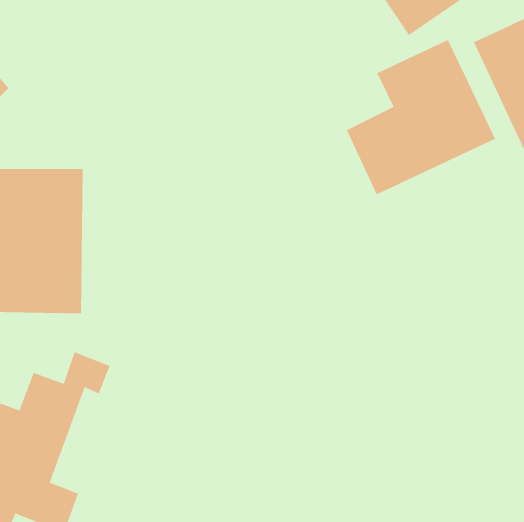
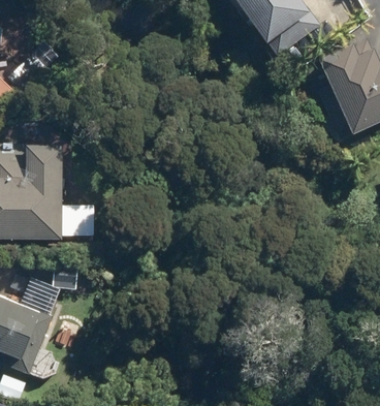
building: [346,39,496,195] -> none

